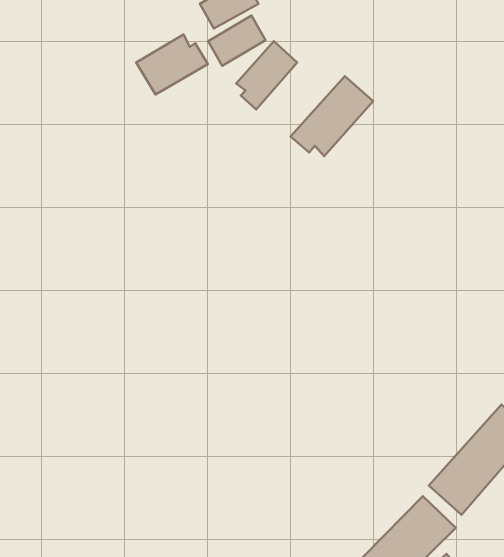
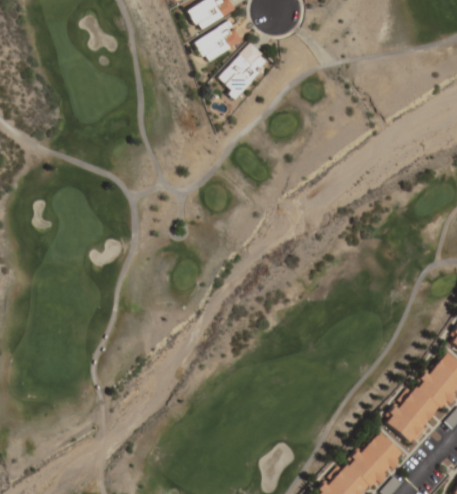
building: [136,34,208,95] -> none
building: [290,76,373,156] -> none

